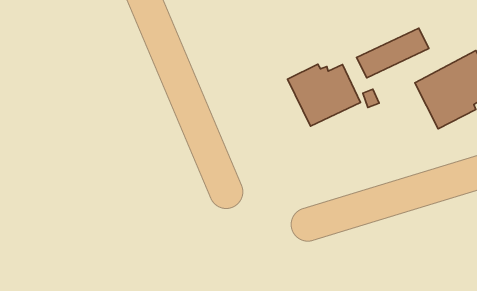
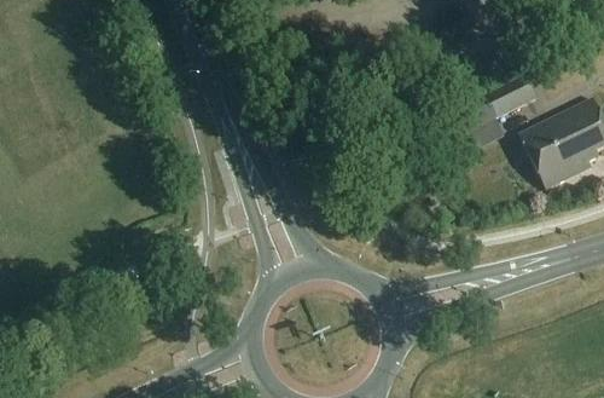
building: [287,64,361,126] -> none

